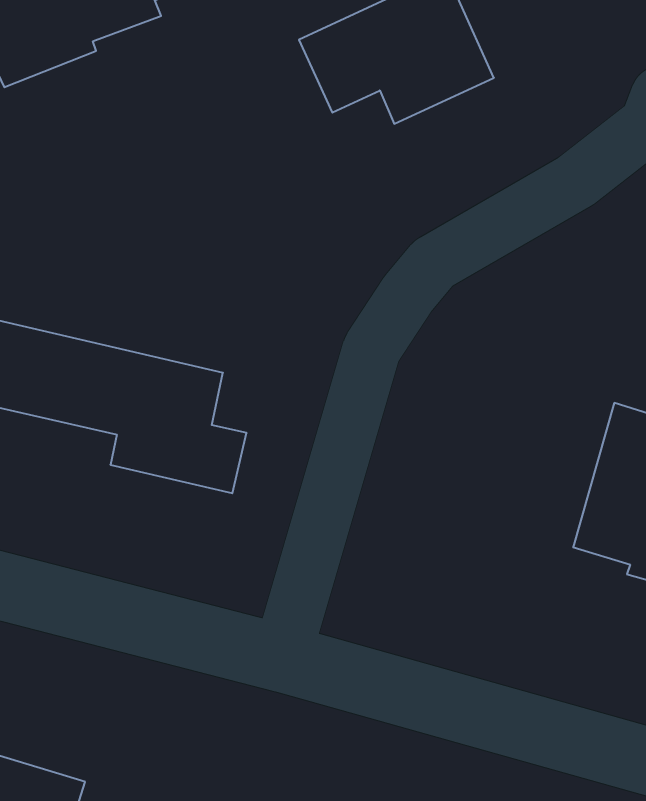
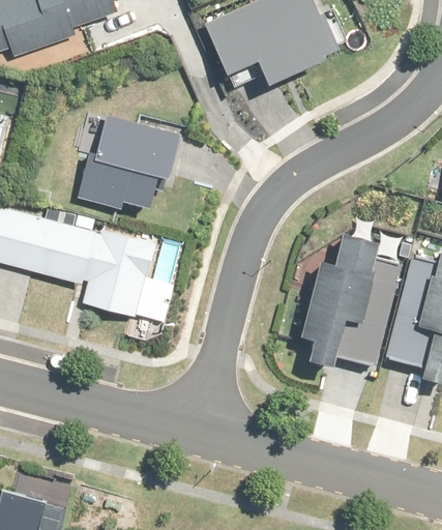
building: none -> [78,116,180,211]
building: none -> [299,234,405,367]

